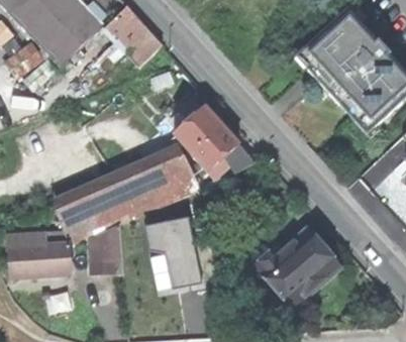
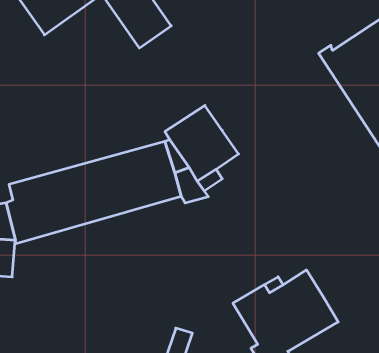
building: [141,215,197,284] -> none
building: [90,225,123,274] -> none

